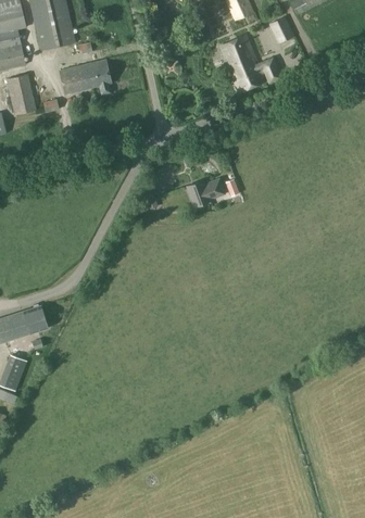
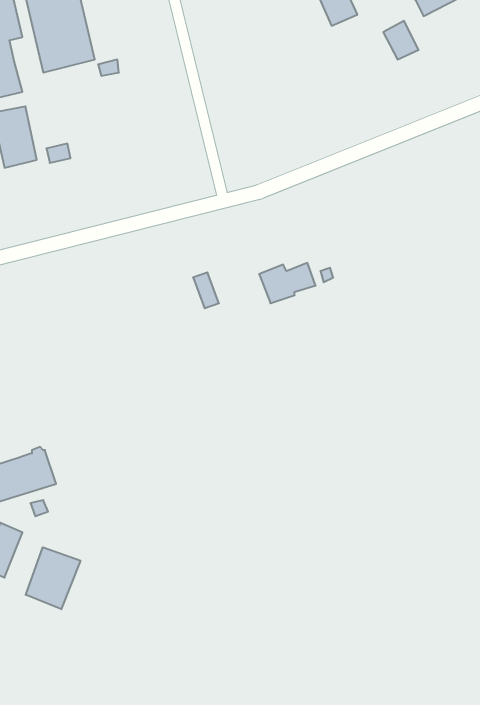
building: [216,33,279,91] -> none
building: [59,60,111,94] -> none
building: none -> [26,547,80,609]

